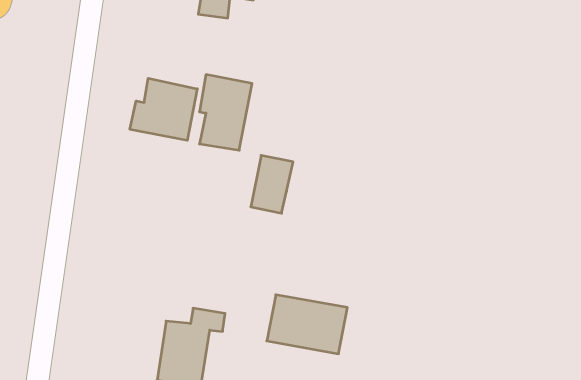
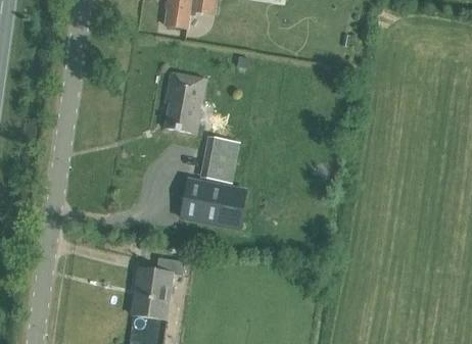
building: [130,78,197,140] -> none
building: [267,295,347,354] -> [182,180,246,227]

